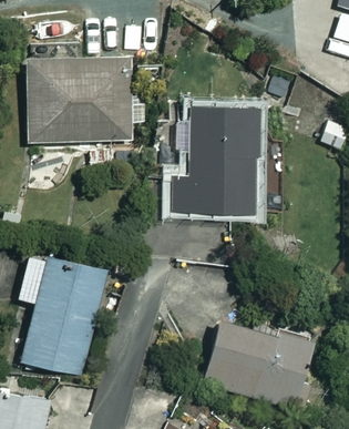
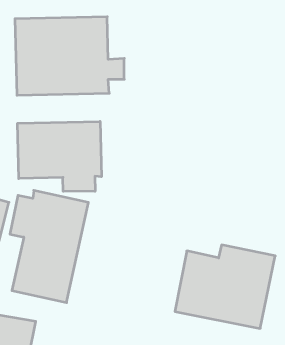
building: [172,104,266,213] -> none
building: none -> [18,121,101,191]

